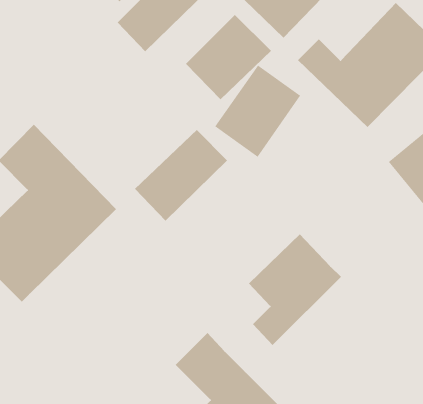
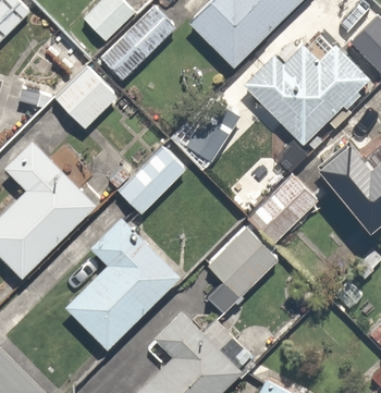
building: [185,14,272,100] -> none
building: none -> [57,71,116,131]
building: none -> [247,175,322,251]
building: none -> [63,214,182,351]

